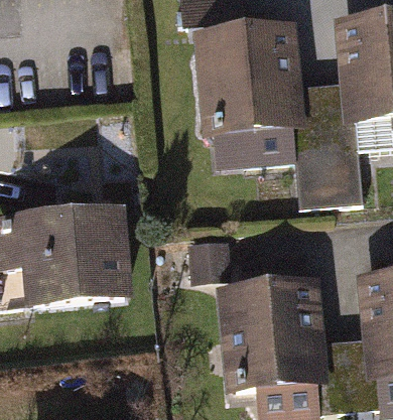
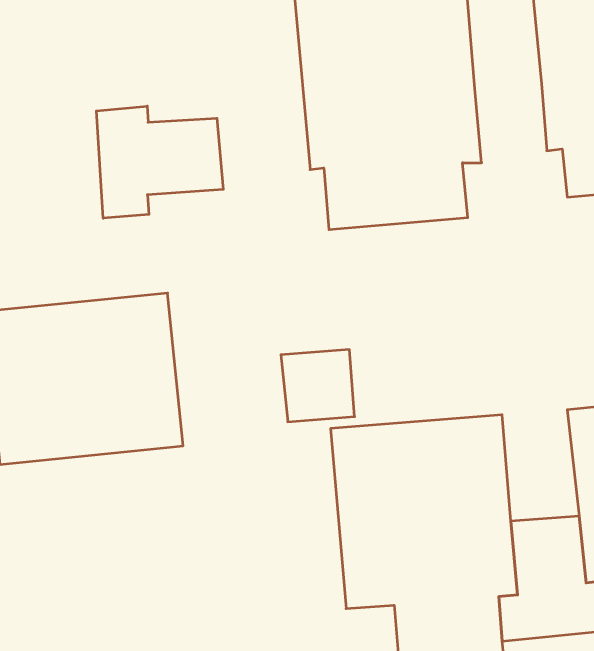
building: [294,83,360,205] -> none
building: none -> [96,106,223,218]

